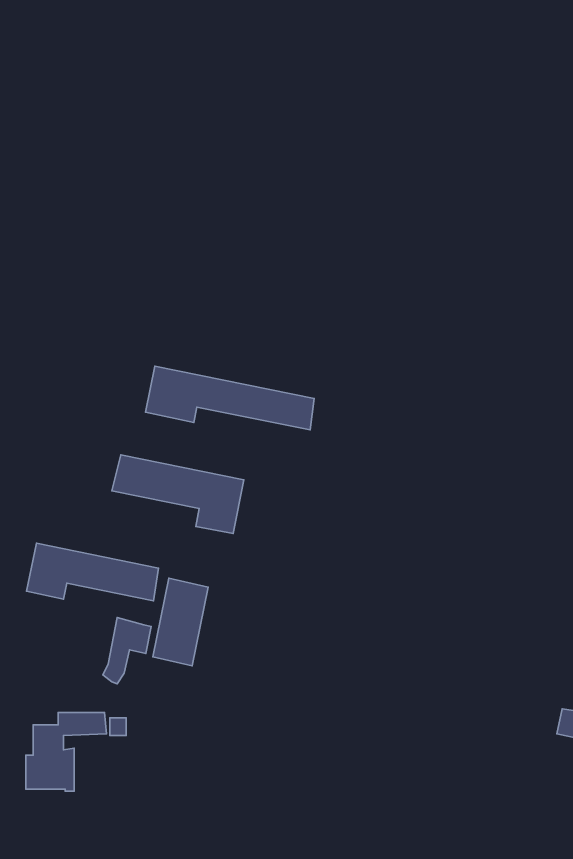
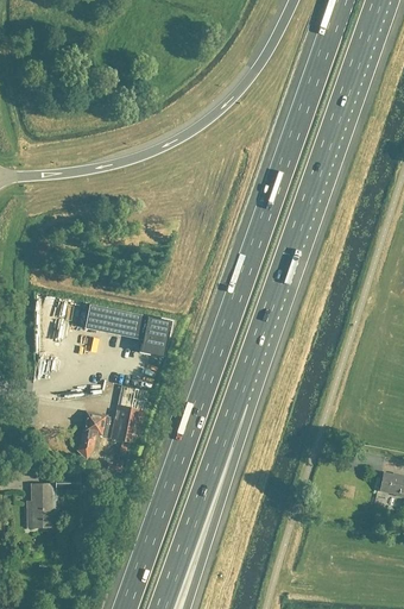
building: [145,366,314,430] -> none
building: [27,543,159,601] -> none

